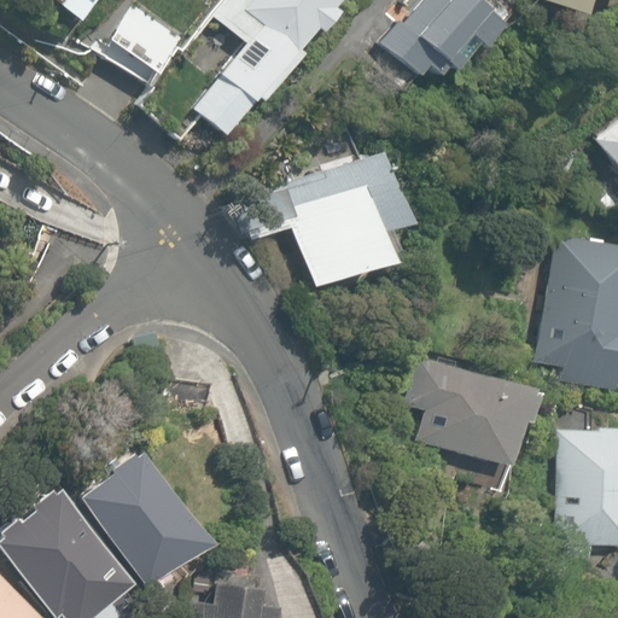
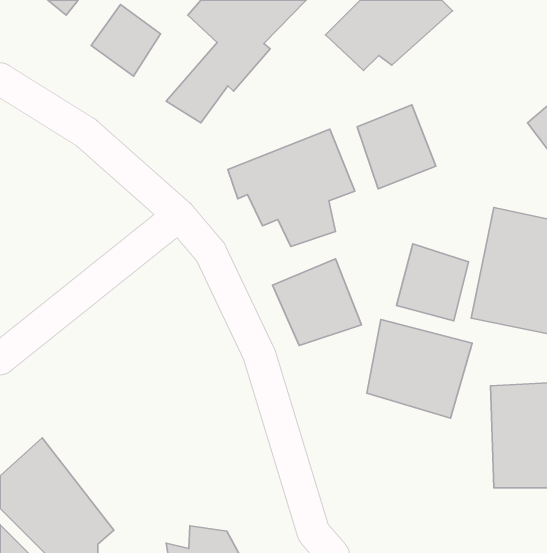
building: none -> [357,105,436,189]
building: none -> [397,244,469,321]
building: none -> [273,259,362,345]
building: [83,451,212,590] -> none

